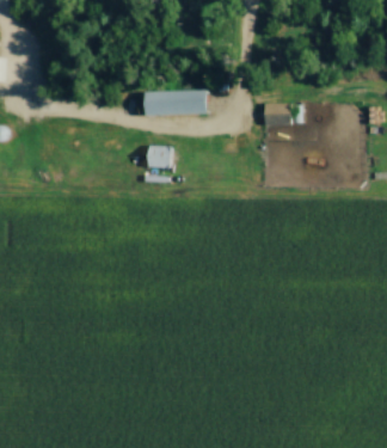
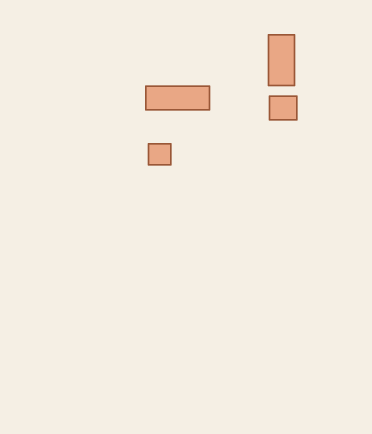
building: none -> [268,35,294,85]

